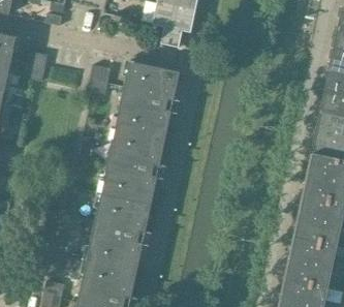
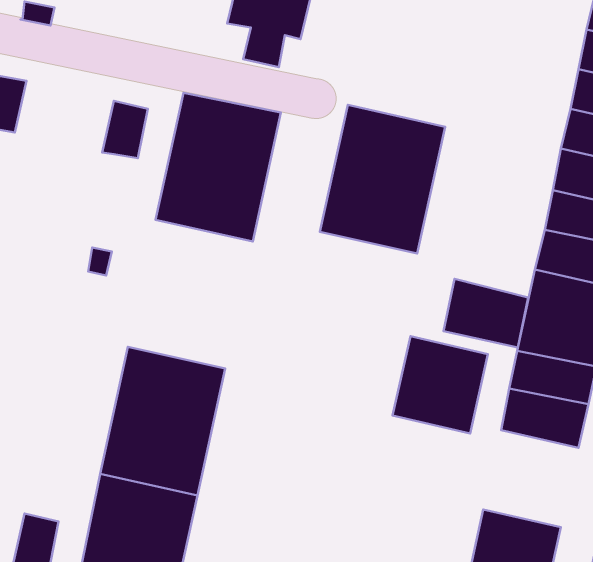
building: [100,127,165,205] -> [320,105,445,254]
building: none -> [443,279,528,348]
building: [285,237,335,287] -> [393,336,488,433]

